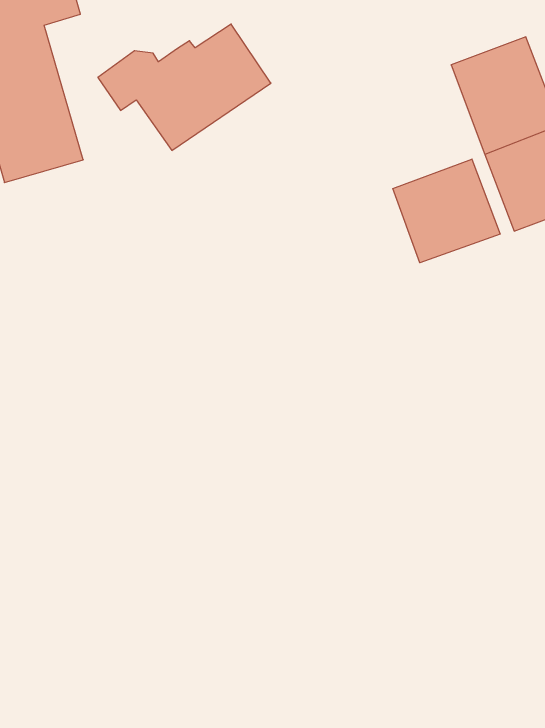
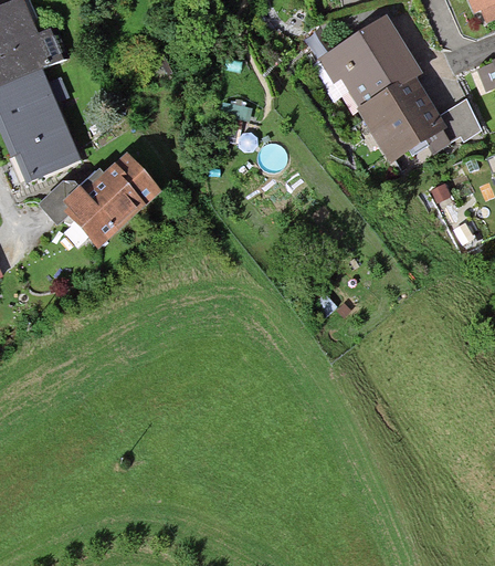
building: [98,24,271,150] -> [40,149,161,243]
building: [393,159,500,263] -> none

